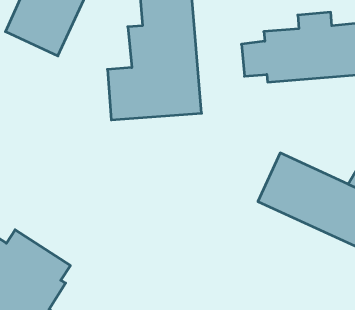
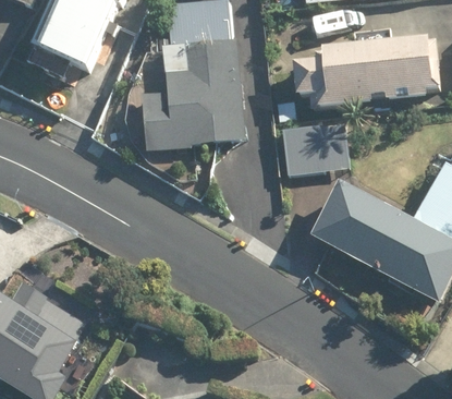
building: none -> [280,123,349,173]

